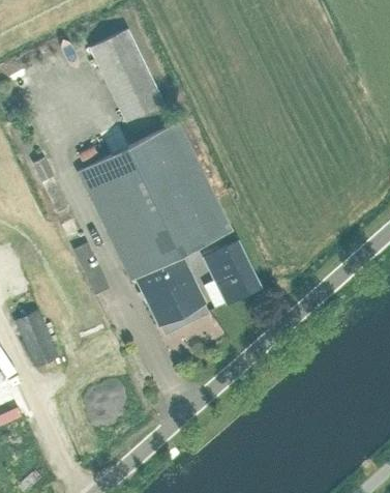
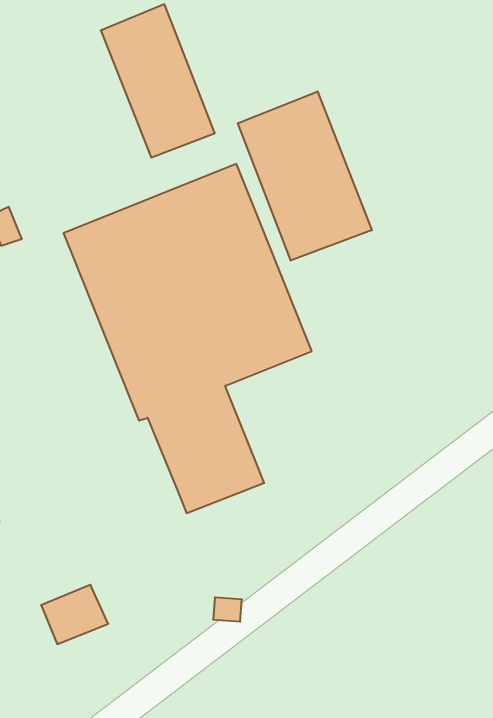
building: none -> [238,91,372,261]
building: [206,241,261,303] -> none

